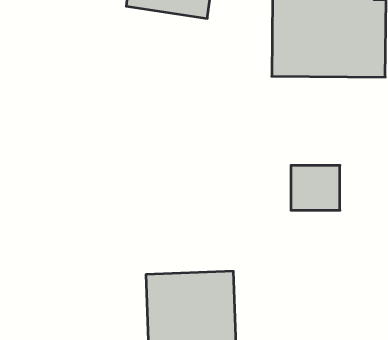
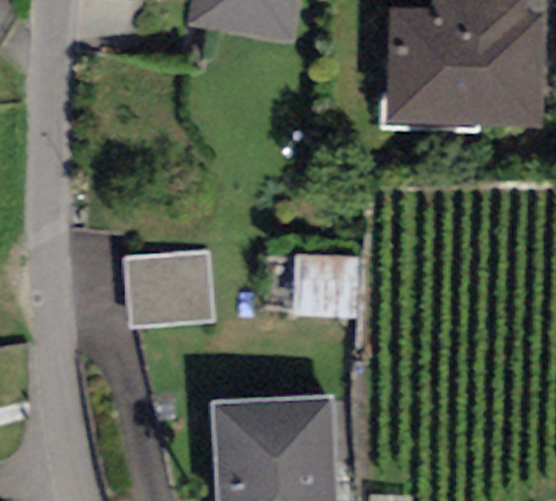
building: [291,165,340,210] -> [294,255,360,317]
building: none -> [126,253,208,320]

